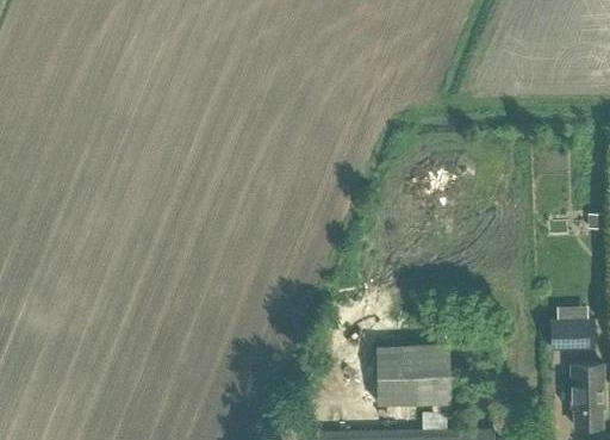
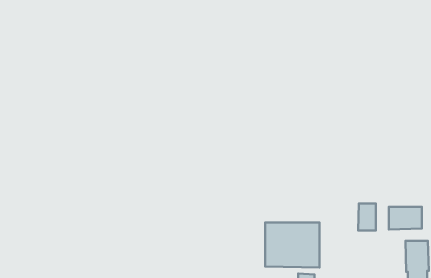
building: none -> [358,204,376,230]

